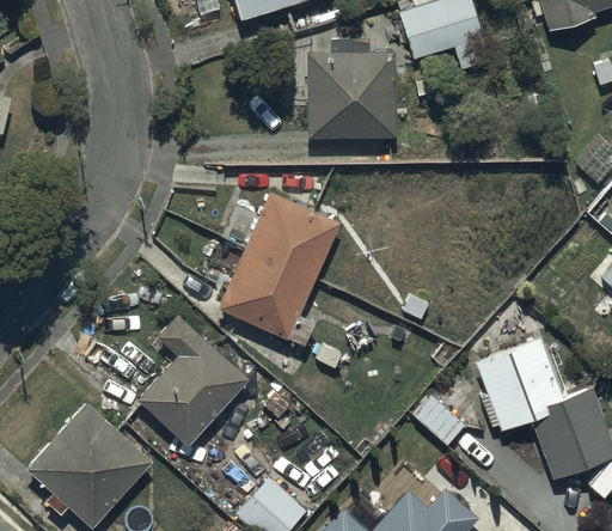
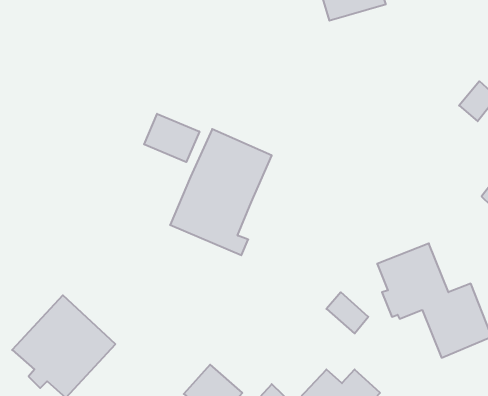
building: [307,49,393,134] -> none
building: none -> [144,114,199,162]
building: [141,319,252,451] -> none

